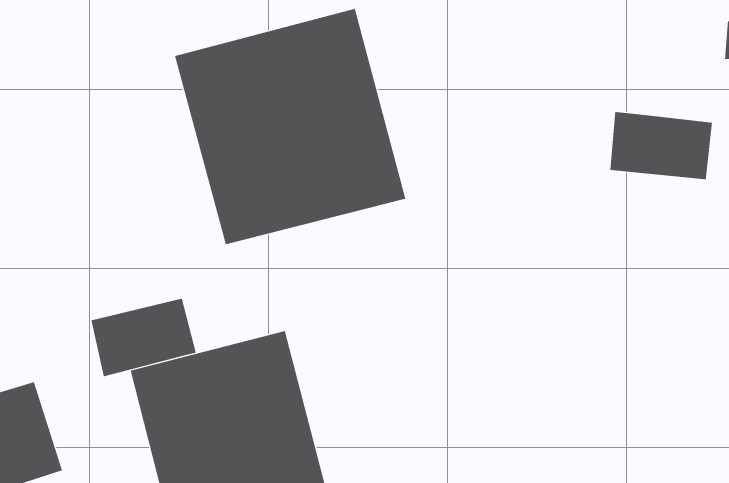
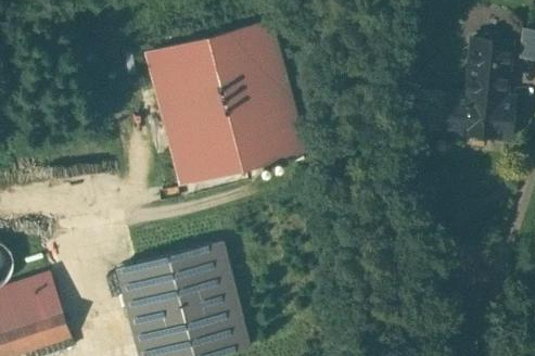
building: none -> [467,31,510,99]
building: [91,298,196,377] -> none

